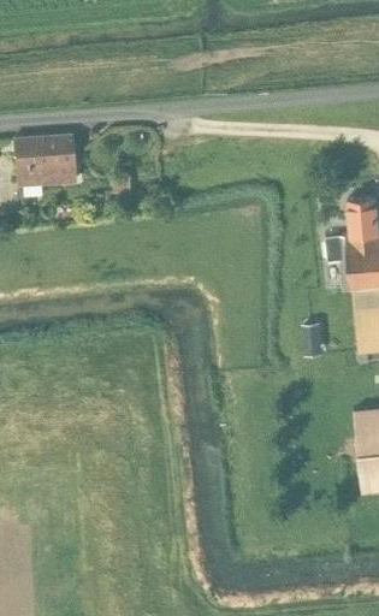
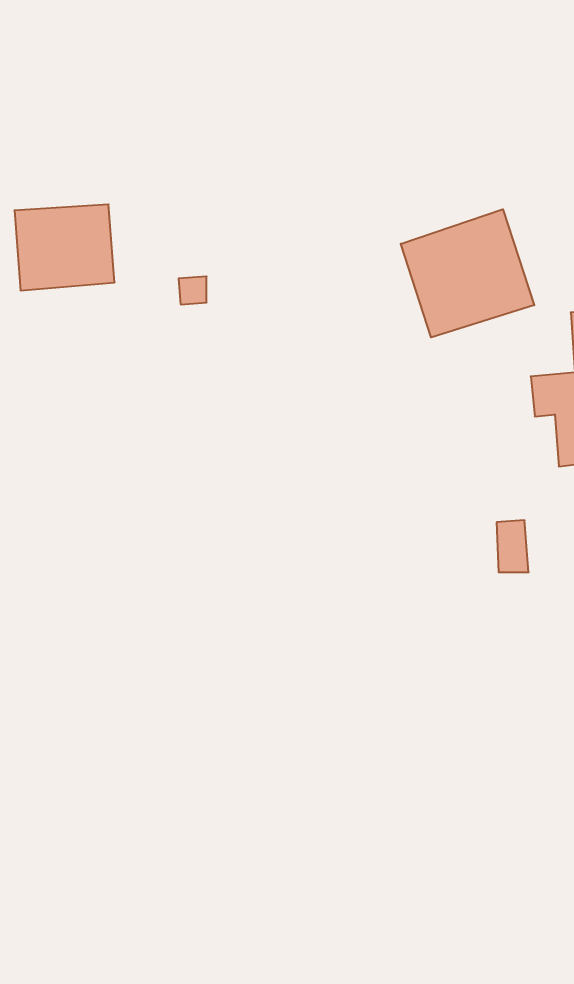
building: none -> [401,209,534,337]

